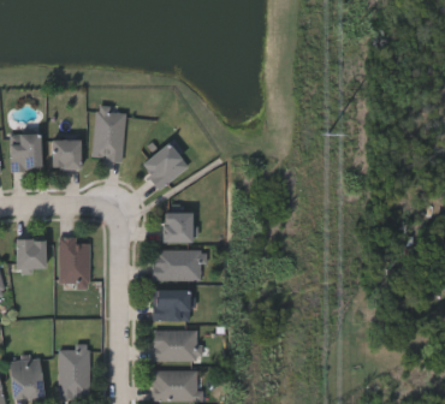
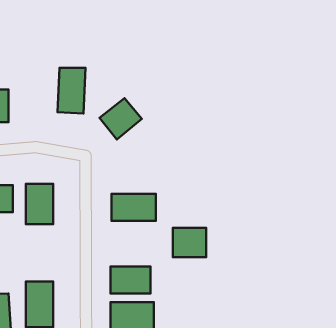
building: [52,139,79,168] -> none
building: [162,212,191,242] -> none
building: [152,289,189,321] -> [173,228,206,257]

